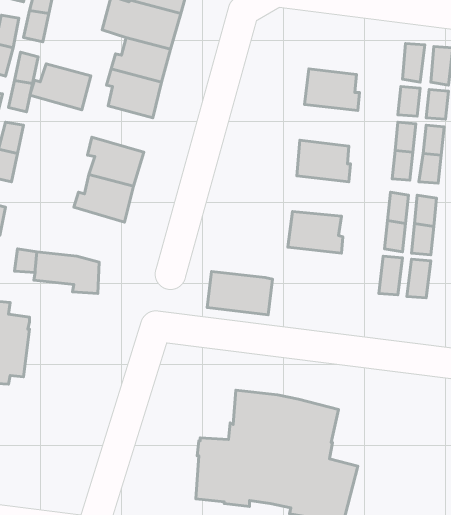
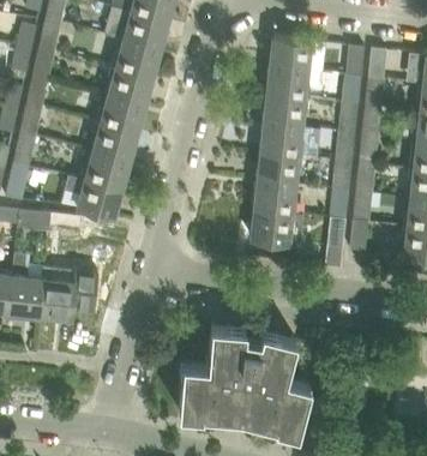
building: none -> [270,38,317,73]
building: [30,64,91,110] -> [95,98,144,136]
building: none -> [263,97,309,131]
building: none -> [257,155,302,187]
building: none -> [65,178,121,221]
building: [207,272,273,315] -> [249,212,302,247]
building: none -> [40,269,98,320]

